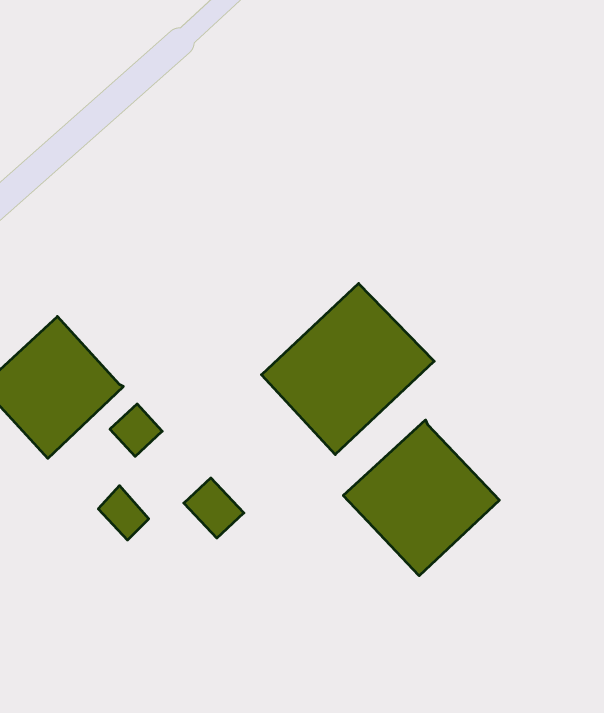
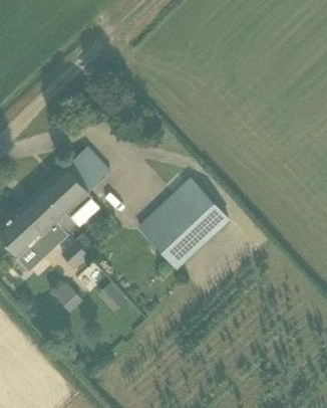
building: none -> [33,148,109,232]
building: [343,420,499,576] -> none

